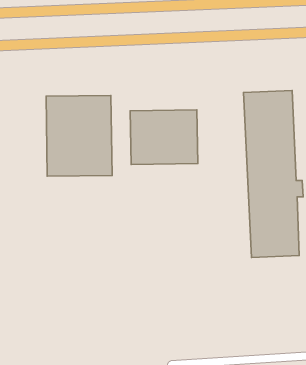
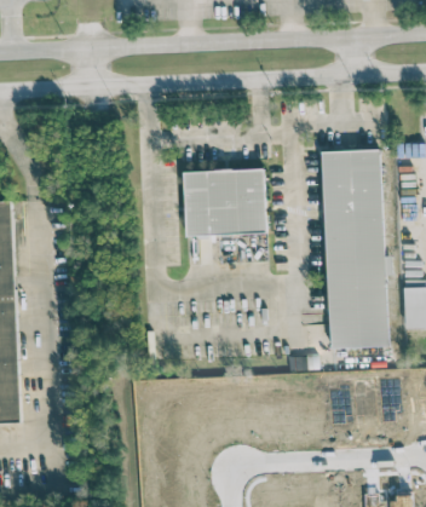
building: [46,95,112,176] -> none

